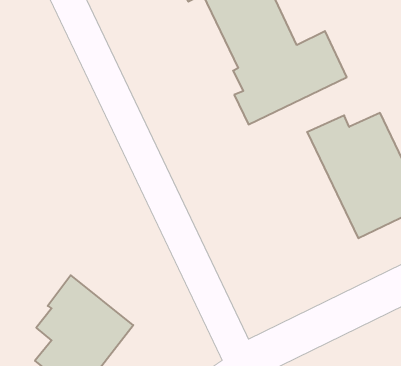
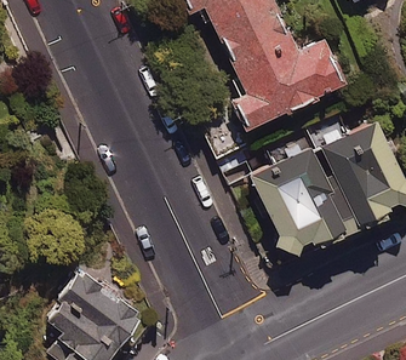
building: none -> [246,136,353,267]

